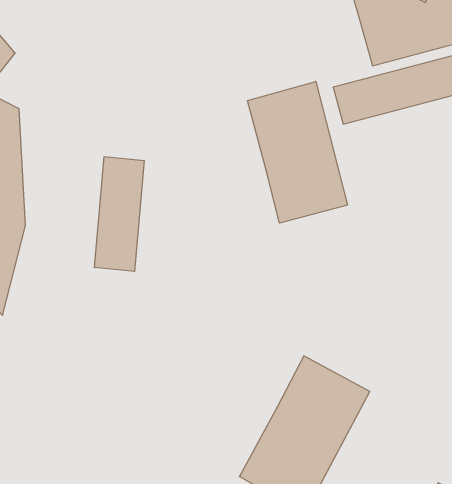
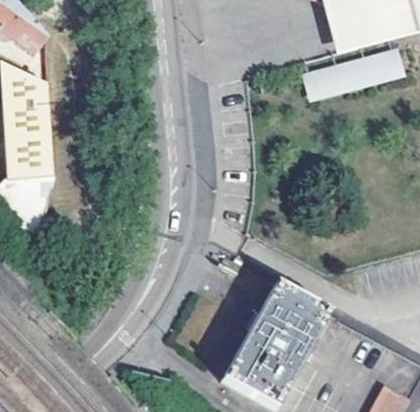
building: [247,81,348,223] -> none
building: [94,157,144,272] -> none

